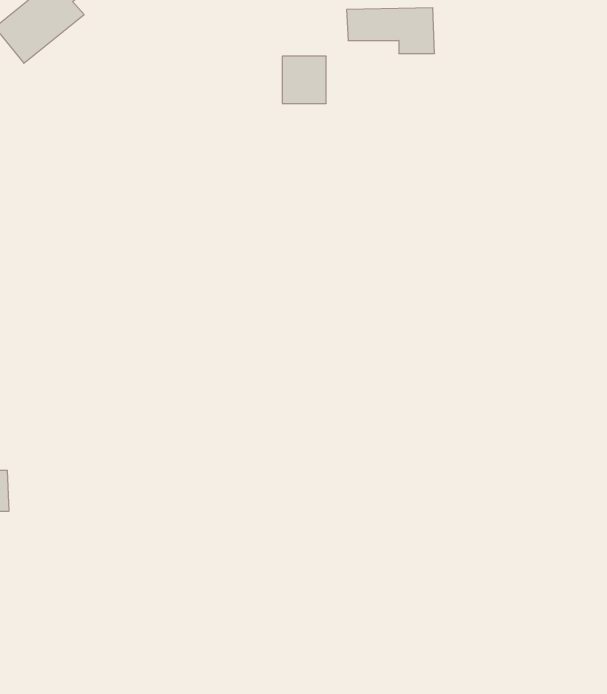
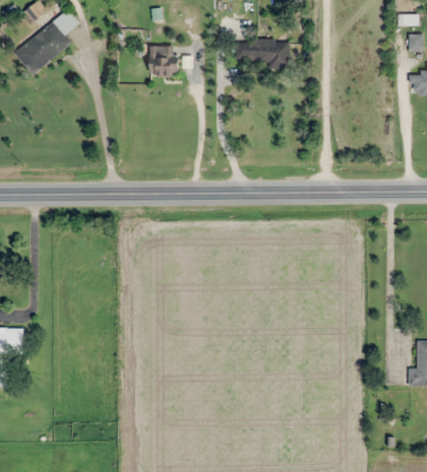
building: [282,56,326,103] -> [149,47,177,76]

